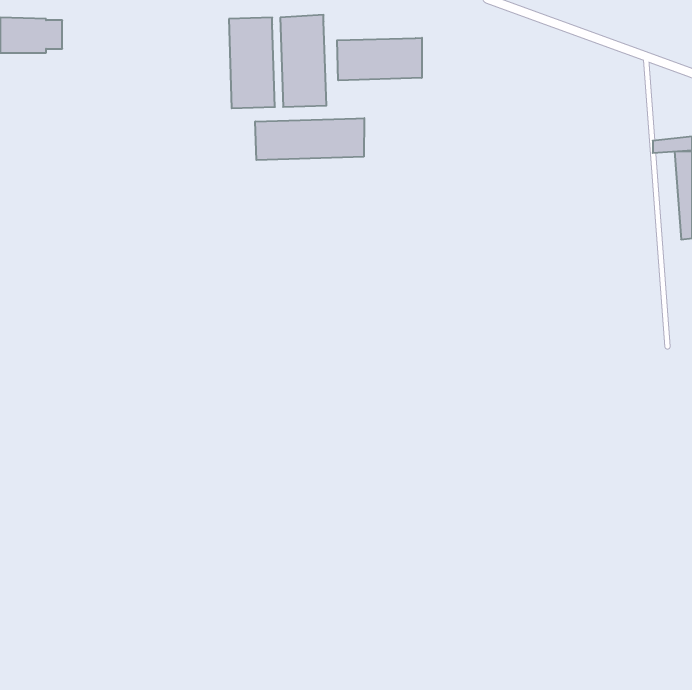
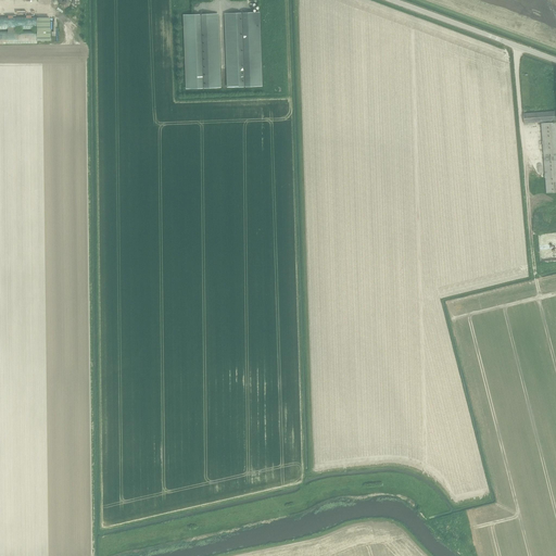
building: [337,38,422,80] -> none
building: [255,118,364,160] -> none

